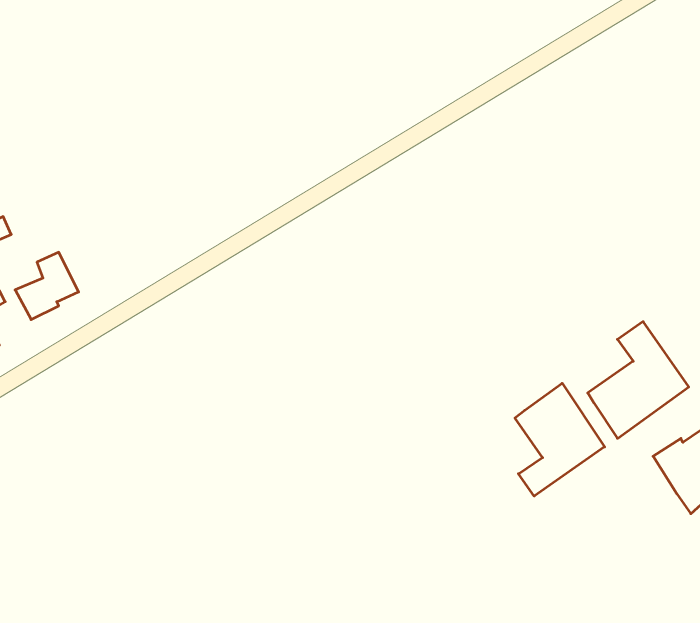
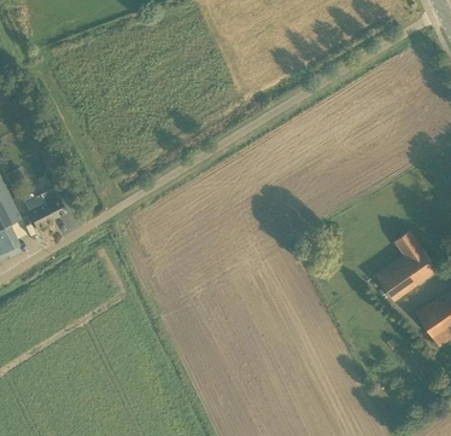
building: [515,383,605,496] -> none

